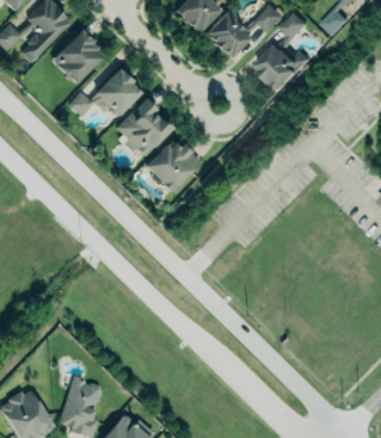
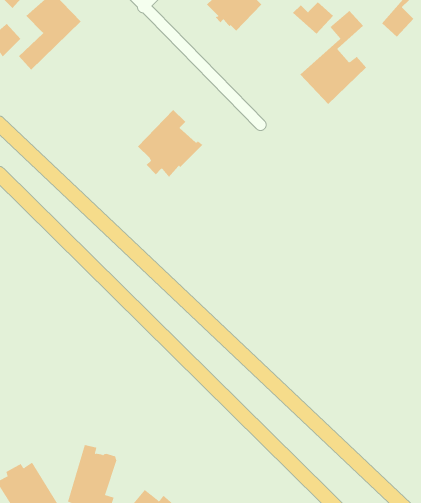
building: [203,12,251,60] -> none
building: [51,27,103,82] -> none
building: [69,68,140,115] -> none
building: [145,140,201,191] -> none

